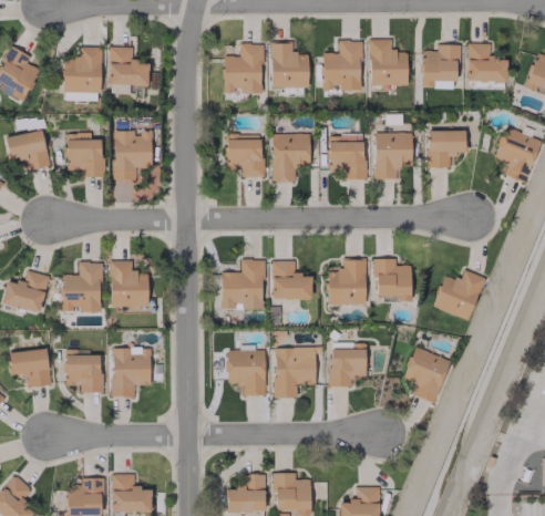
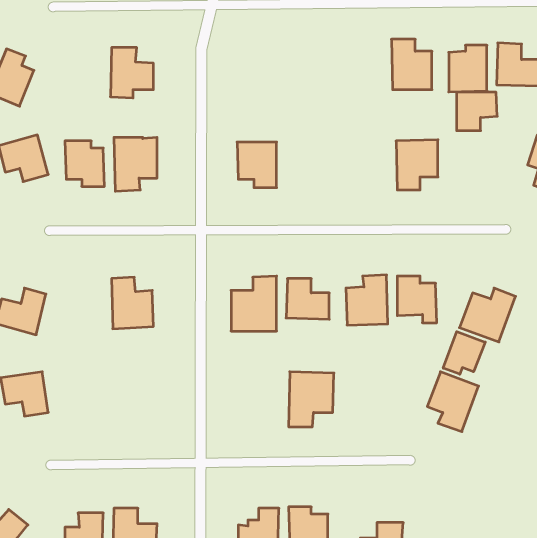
building: [323,41,362,91] -> none
building: [224,43,264,94] -> none
building: [271,43,309,89] -> none
building: [64,48,102,93] -> none
building: [429,132,466,167] -> [457,92,497,131]
building: [272,134,311,183] -> none
building: [329,135,367,180] -> none
building: [62,262,102,312] -> none
building: none -> [443,332,485,374]
building: [330,343,368,388] -> none
building: [113,348,152,398] -> none
building: [227,350,267,396] -> none
building: [65,355,103,393] -> none

